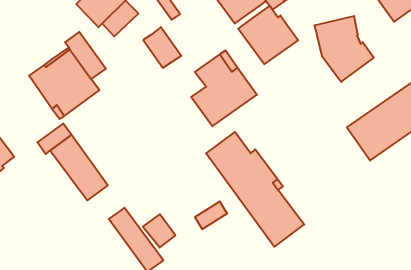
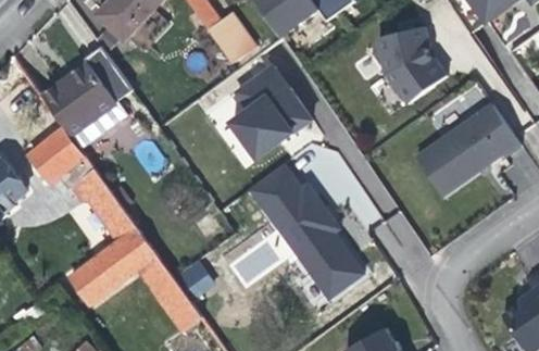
building: [238,6,298,64] -> none
building: [143,27,181,68] -> [209,15,253,63]
building: none -> [24,128,77,179]
building: none -> [67,225,153,299]

